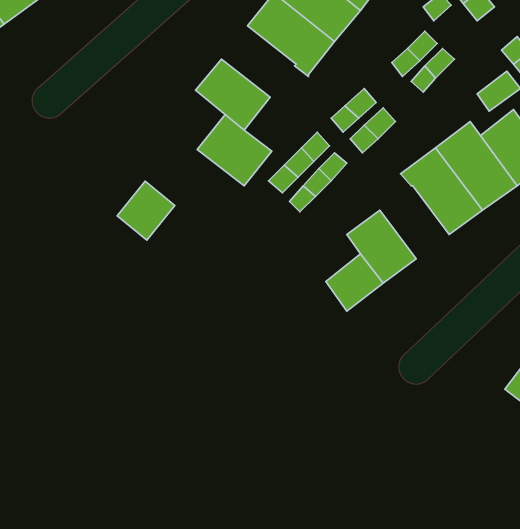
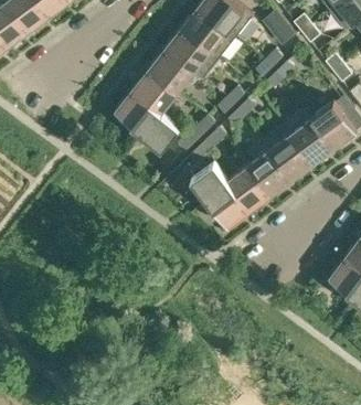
building: none -> [147,47,194,93]
building: [117,181,175,240] -> [113,88,149,126]
building: none -> [247,149,291,195]
building: none -> [190,162,235,210]

